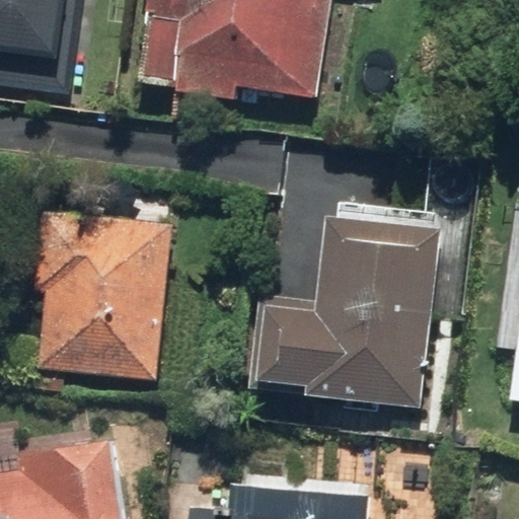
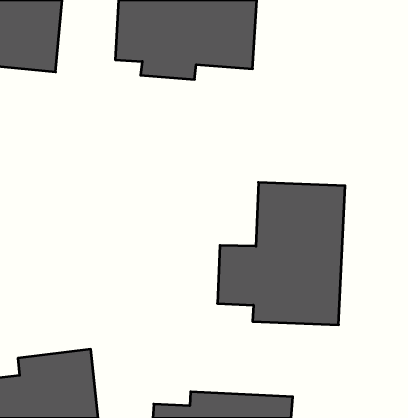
building: [35,214,170,371] -> none

